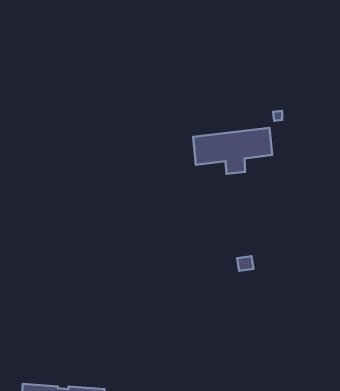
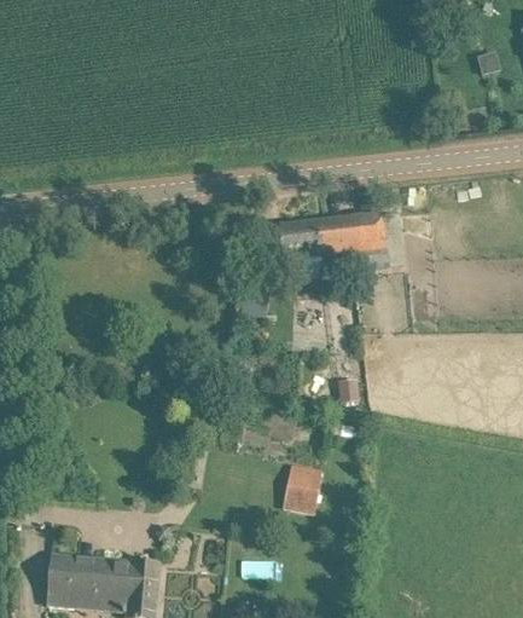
building: none -> [285,464,318,510]

